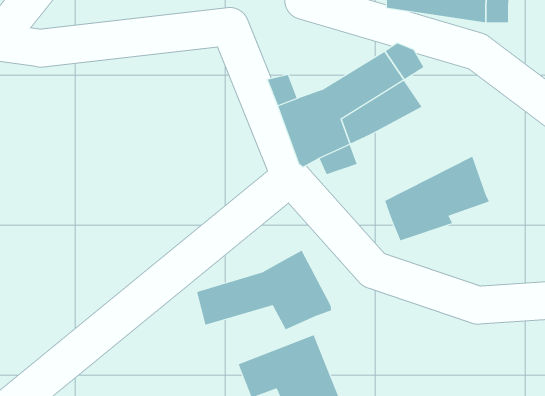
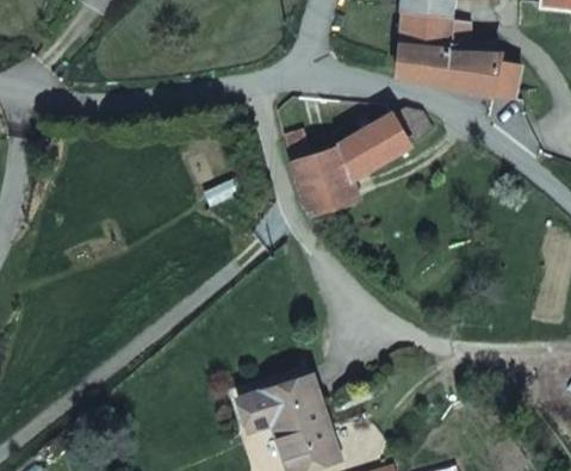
building: [384,156,490,241] -> none
building: [196,250,331,330] -> none

